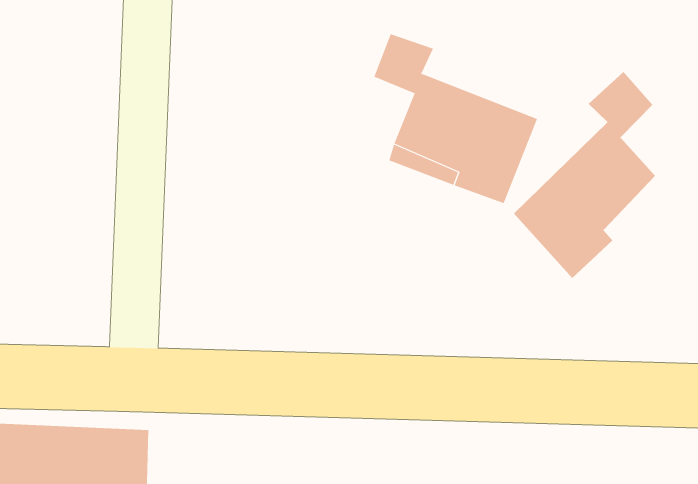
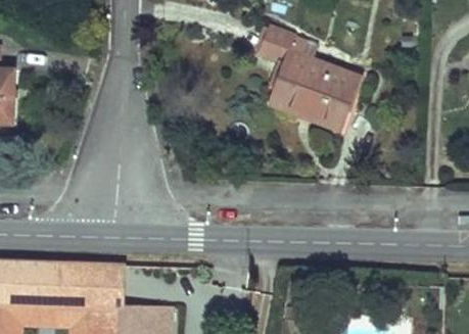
building: [513,71,656,279] -> none

